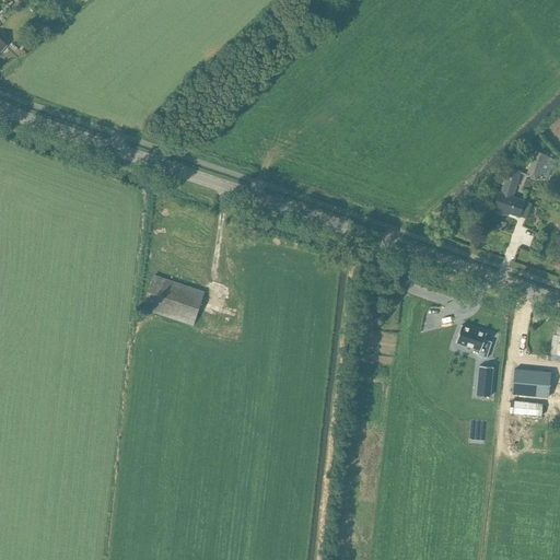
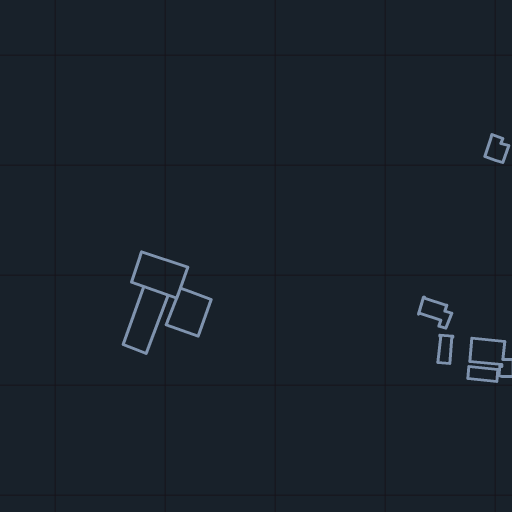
building: [494,167,525,215] -> none
building: none -> [123,286,168,353]
building: none -> [166,288,211,336]

